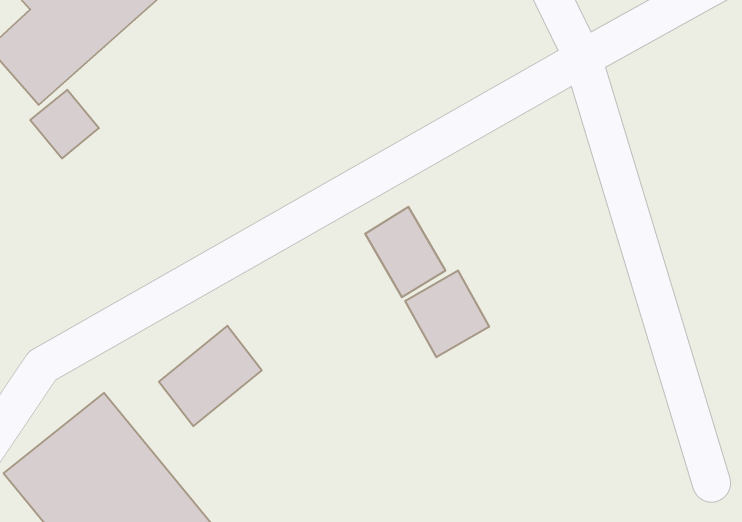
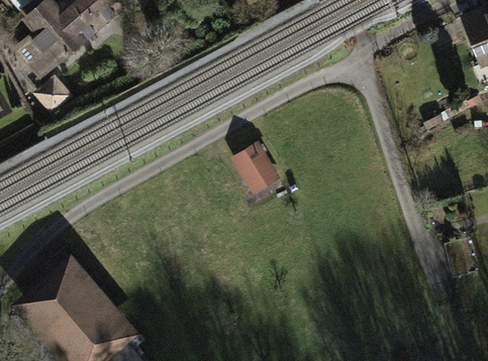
building: [405,270,489,357] -> none
building: [159,326,262,426] -> none

